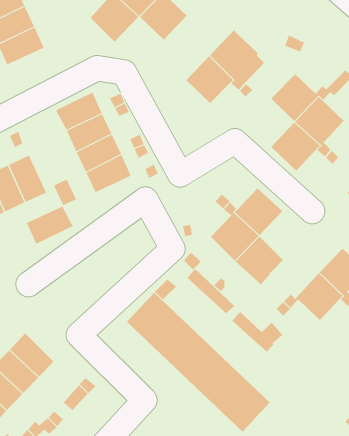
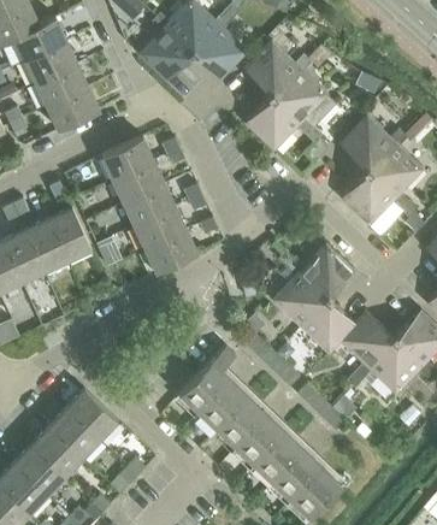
building: none -> [244,41,313,96]
building: none -> [46,88,99,131]
building: [26,206,74,244] -> [144,231,197,275]
building: none -> [341,313,395,368]
building: none -> [66,388,117,440]

